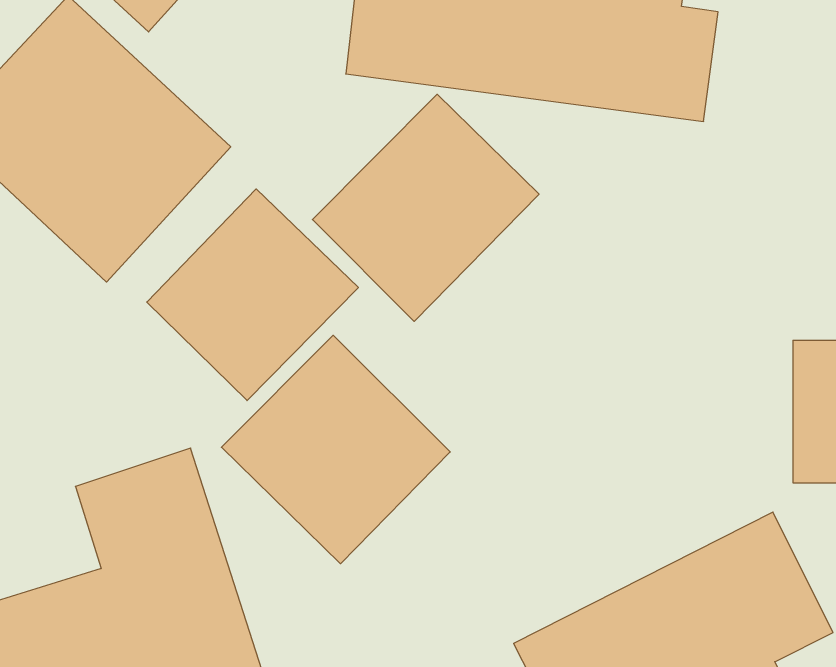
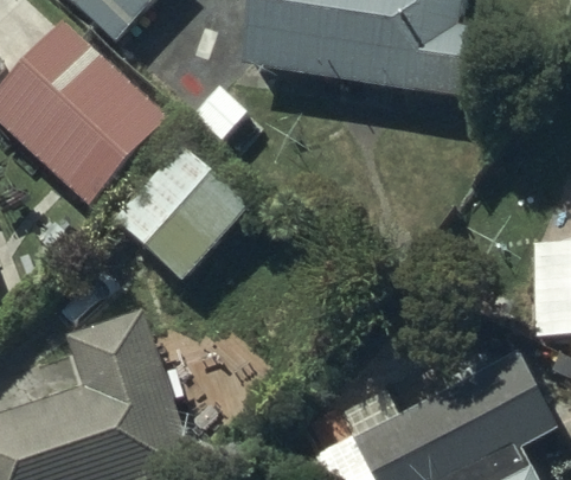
building: [312,94,539,321] -> none
building: [221,335,450,564] -> none

